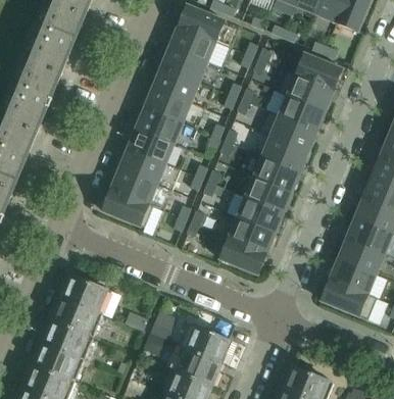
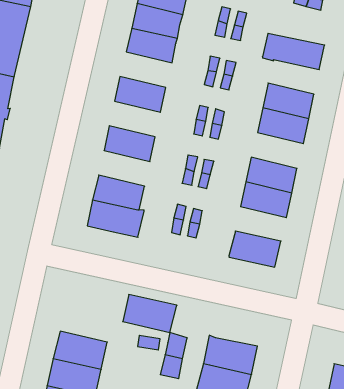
building: [285,49,341,90] -> none
building: [151,66,198,103] -> none
building: [278,95,324,131] -> none
building: [135,107,181,144] -> none
building: [118,148,164,185] -> none
building: [252,155,299,192] -> none
building: [228,216,274,252] -> none
building: [62,275,111,313] -> [123,295,177,333]

